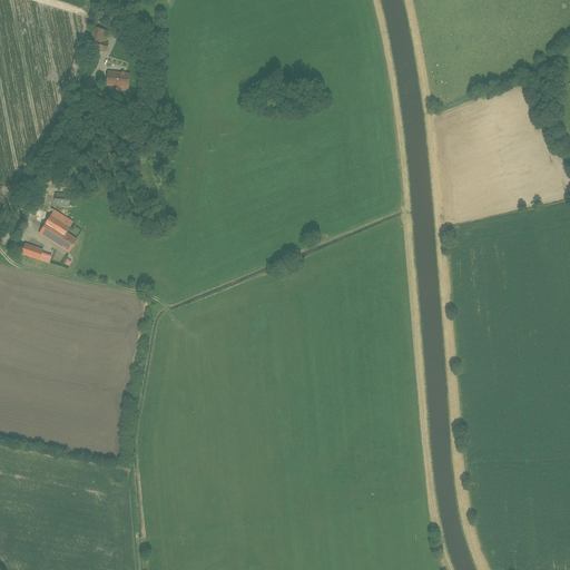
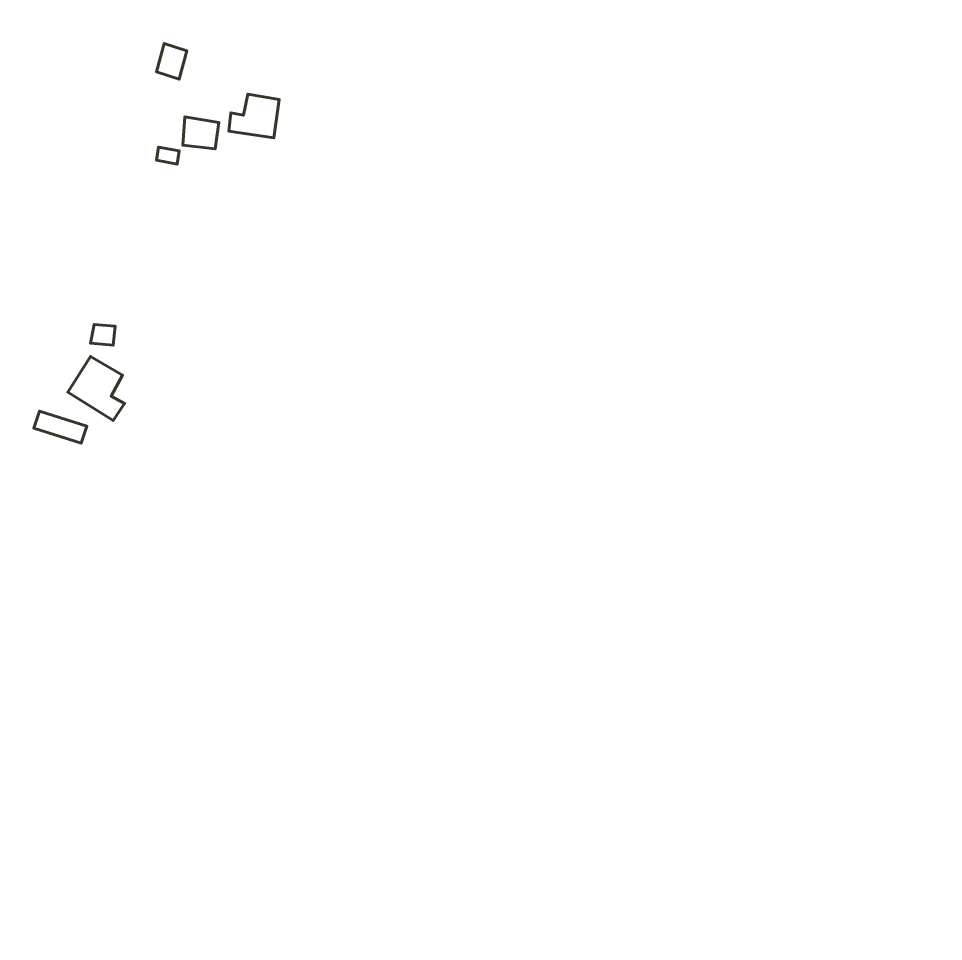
building: none -> [229,94,279,138]

